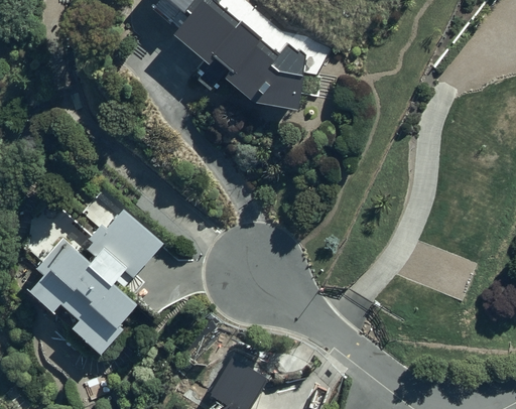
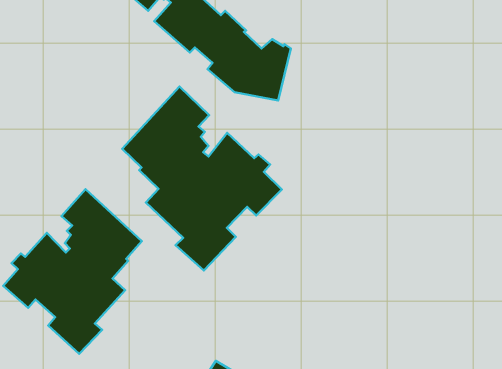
building: none -> [122,87,282,270]

